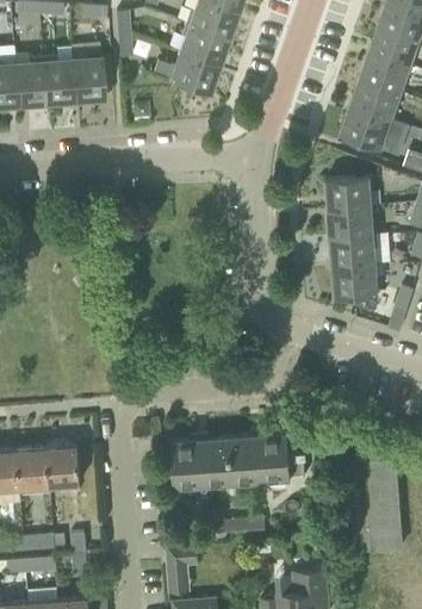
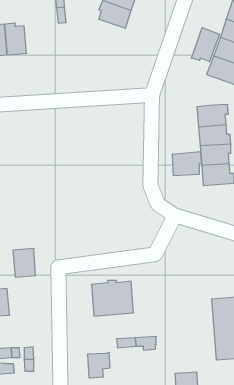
building: [153,51,221,93] -> none
building: [72,55,104,101] -> none
building: none -> [192,27,219,62]
building: none -> [173,151,202,176]
building: [229,430,305,483] -> none
building: [46,445,80,486] -> [13,249,36,277]

